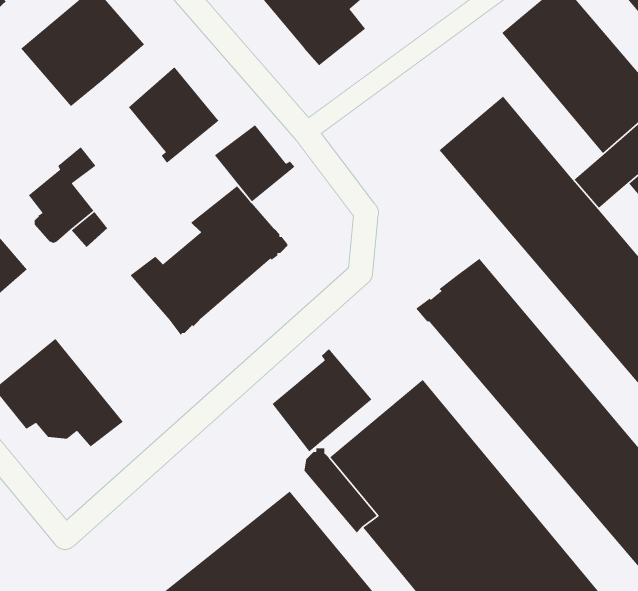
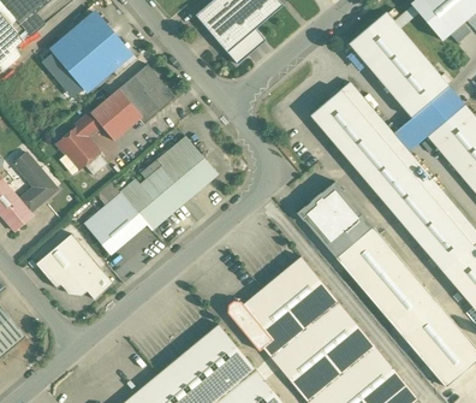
building: none -> [90,89,142,141]
building: [214,124,296,202] -> none
building: none -> [84,192,144,251]
building: [271,348,373,453] -> none

